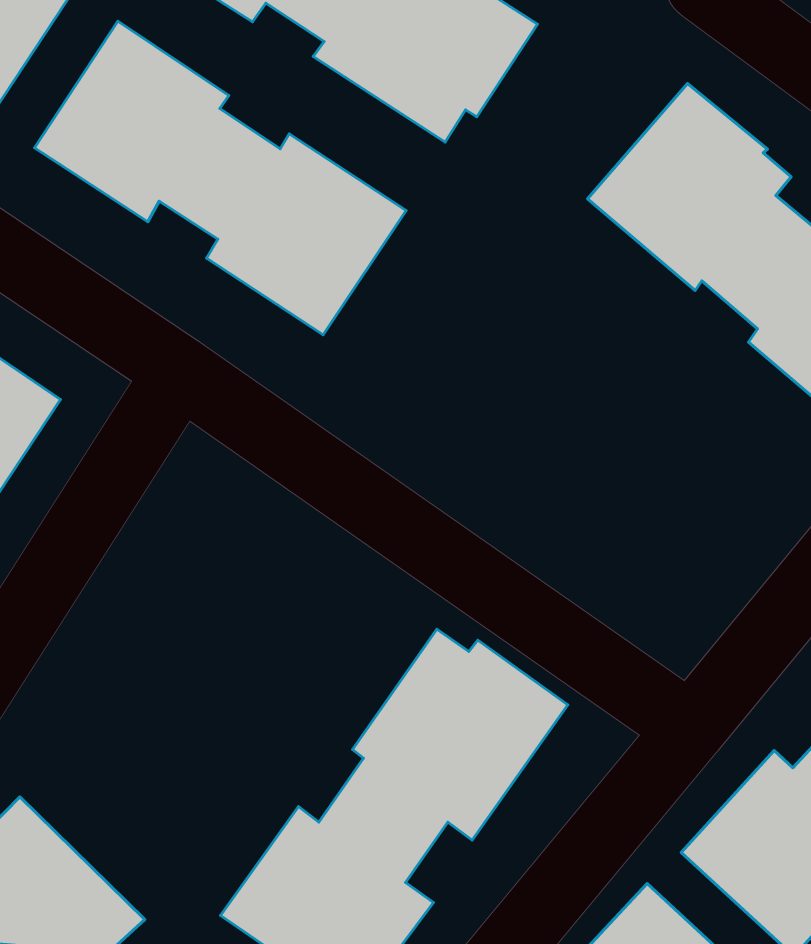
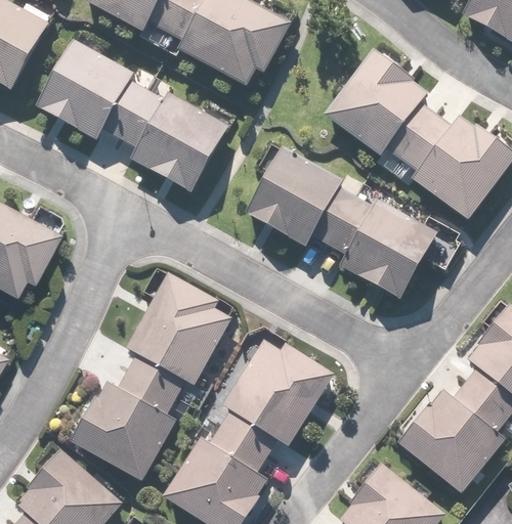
building: none -> [244,145,439,301]
building: none -> [69,272,232,483]

